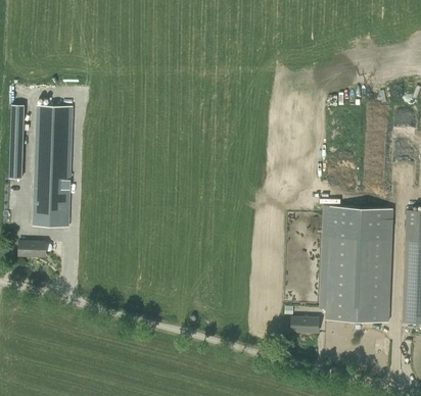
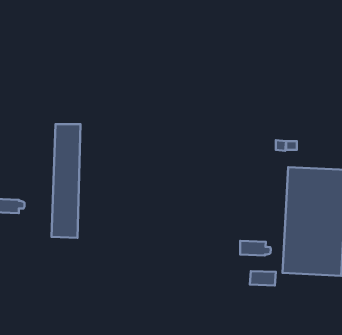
building: [33,106,63,227] -> [52,124,81,238]
building: none -> [240,241,271,255]

